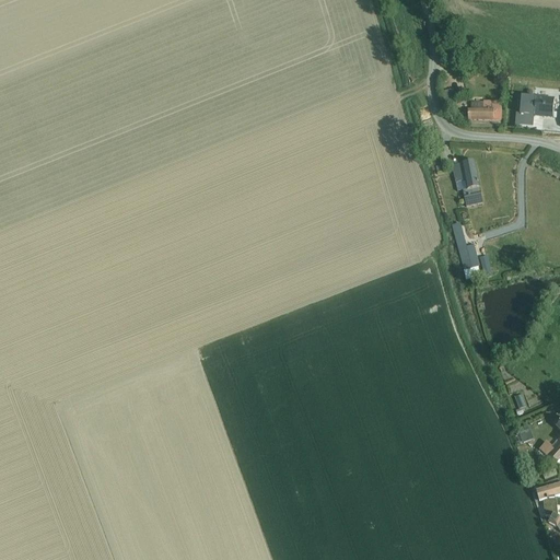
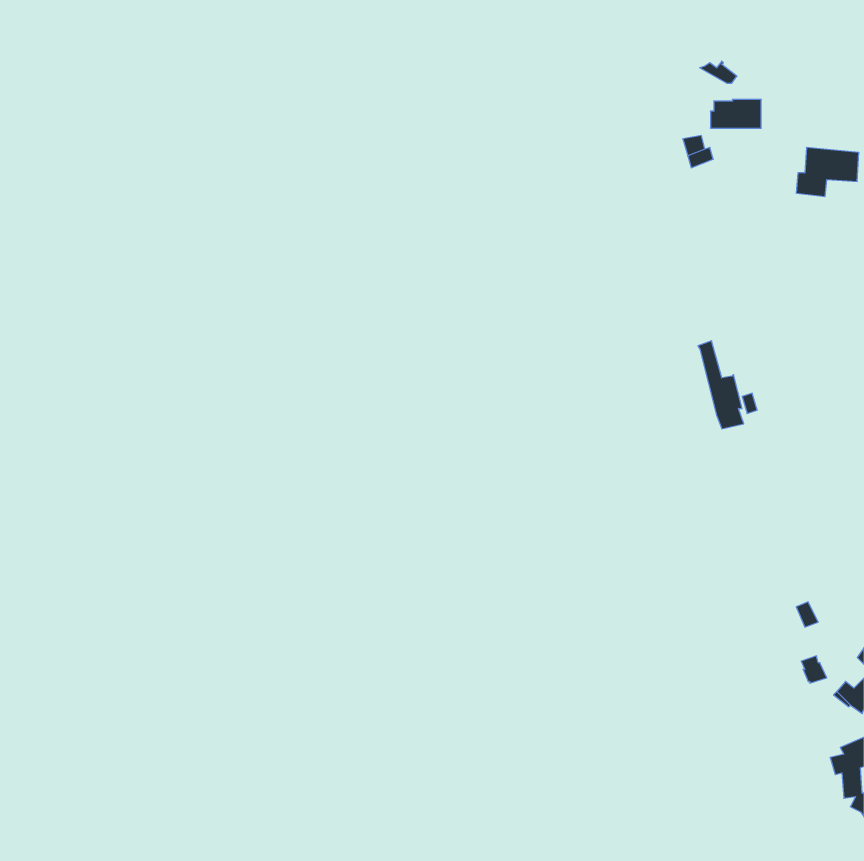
building: [468,100,501,118] -> [710,99,761,128]
building: [452,160,482,205] -> none

